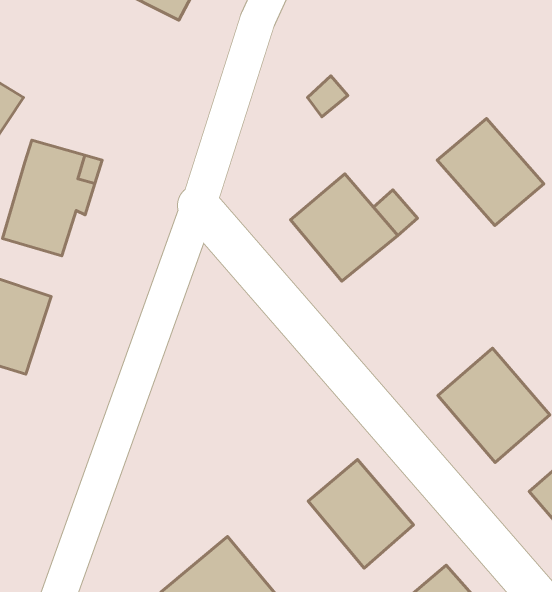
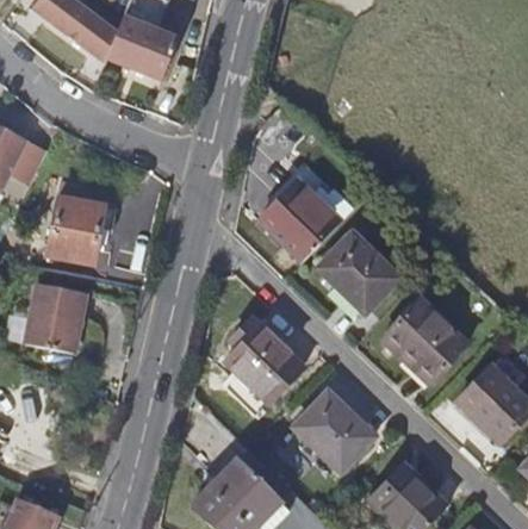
building: [437,118,544,225] -> [317,232,398,311]
building: none -> [223,318,302,402]

